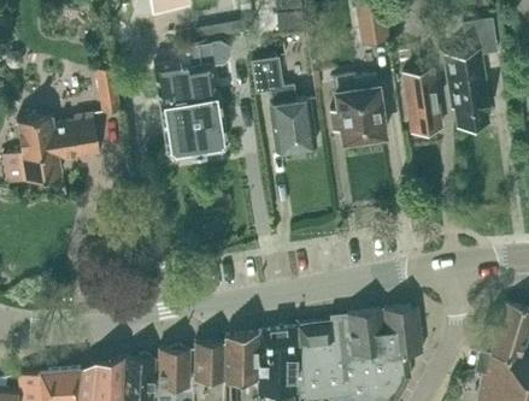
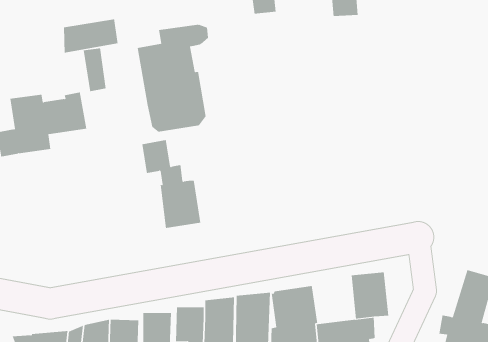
building: [446,22,498,125] -> none
building: none -> [63,19,118,53]
building: [252,58,316,153] -> [142,140,201,229]
building: [402,71,442,134] -> none
building: [330,75,386,143] -> none
building: [341,311,387,362] -> none

